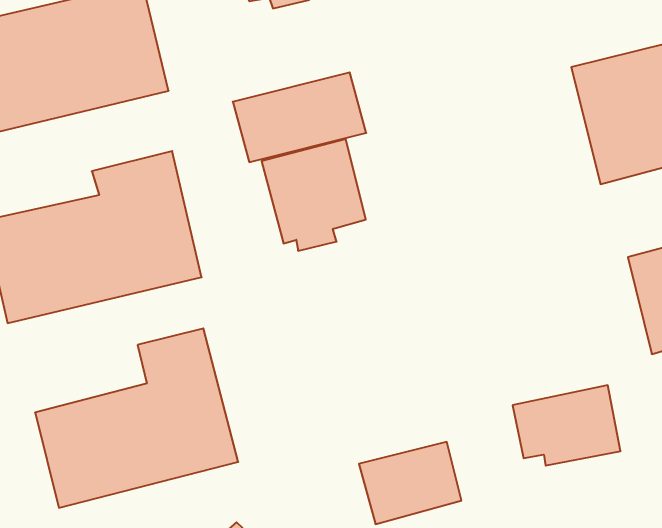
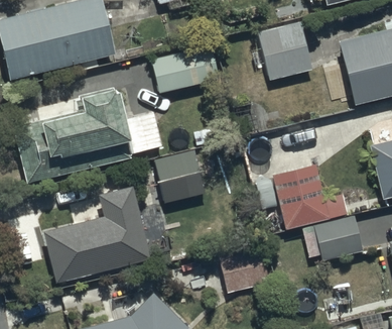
building: none -> [255,23,312,79]
building: [262,139,366,251] -> [154,147,212,209]
building: none -> [258,163,354,237]

